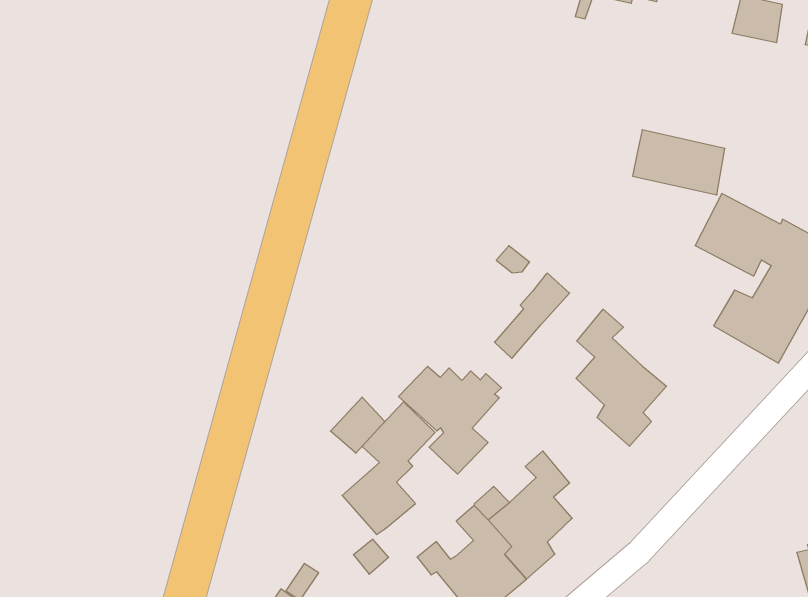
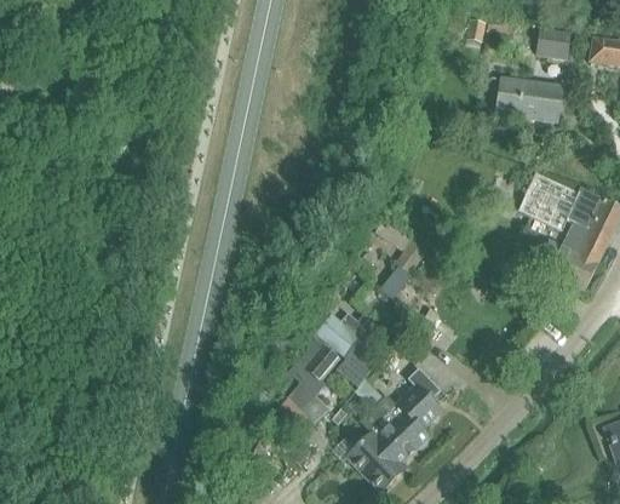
building: [633,130,725,195] -> [496,79,562,122]
building: [576,309,667,446] -> none
building: [330,397,385,453] -> none

